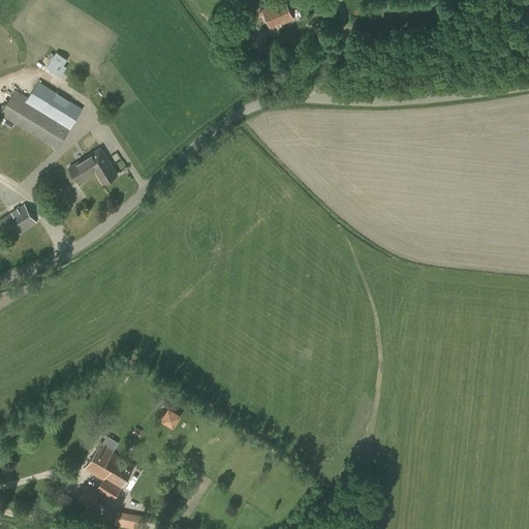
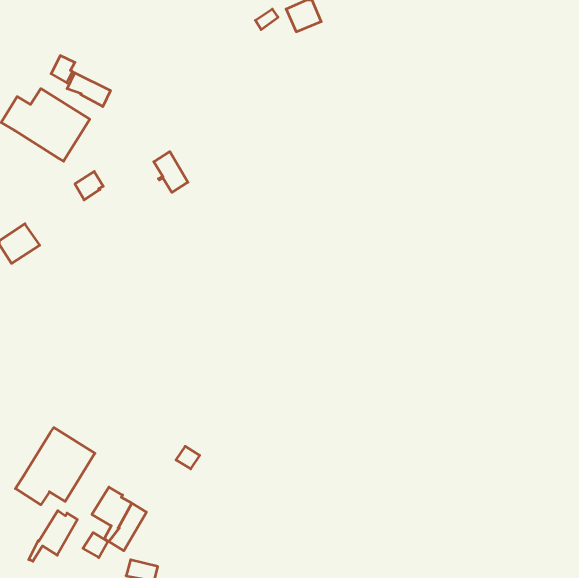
building: none -> [67,73,110,107]
building: [86,149,117,186] -> [154,152,188,192]
building: none -> [15,428,95,505]
building: none -> [29,511,77,561]

